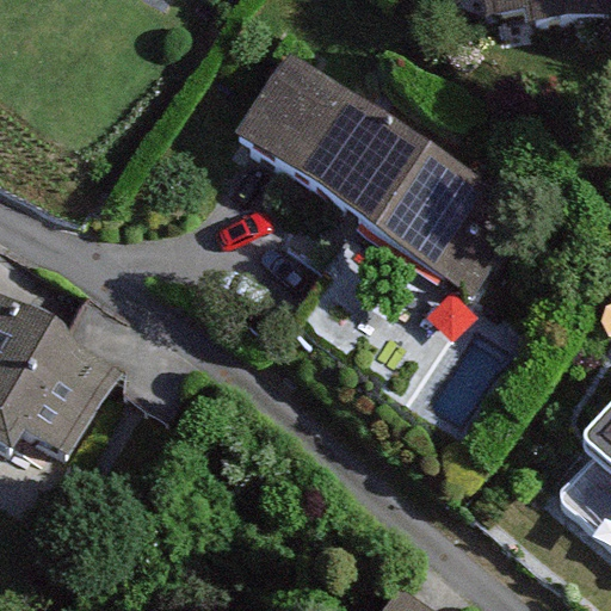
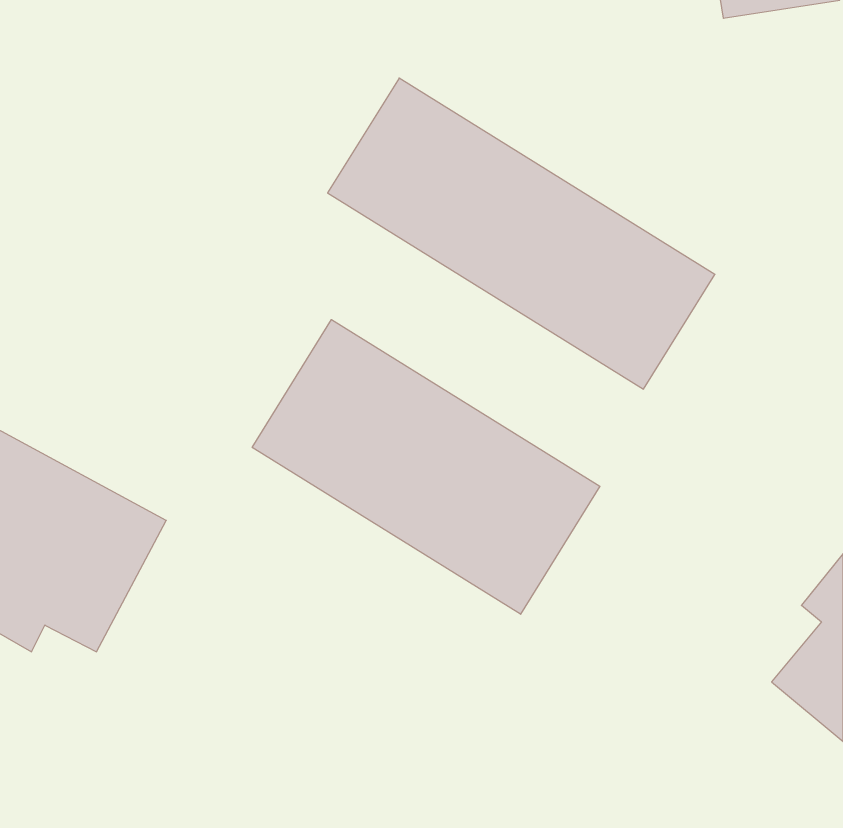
building: none -> [252,320,600,614]

